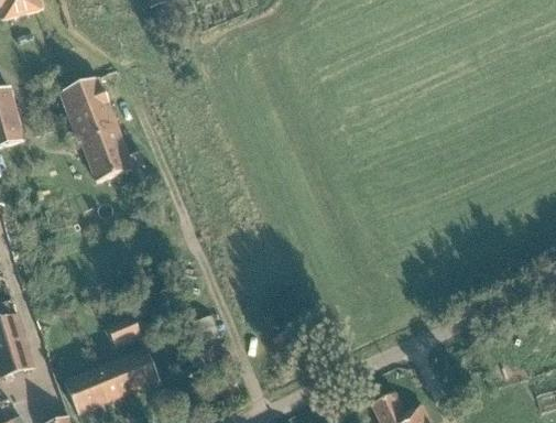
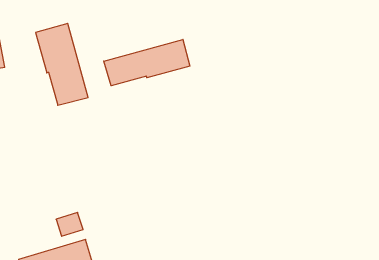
building: none -> [104,39,190,86]

